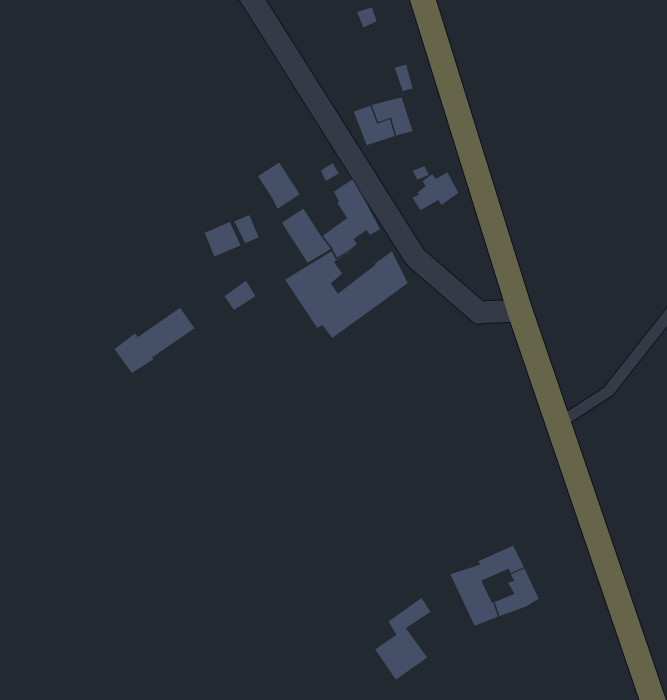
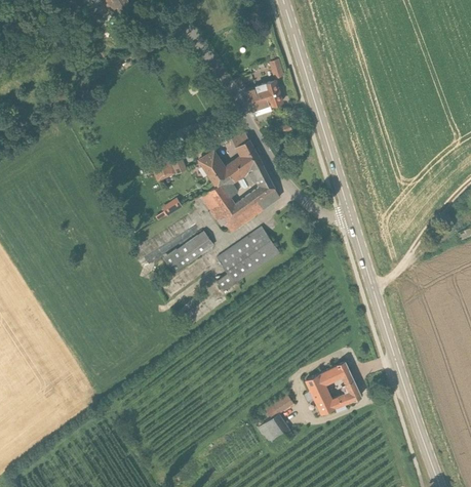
building: [257,162,300,210] -> none
building: [412,171,459,211] -> [238,163,268,188]
building: [114,307,195,374] -> [161,231,212,273]
building: none -> [215,226,278,290]

